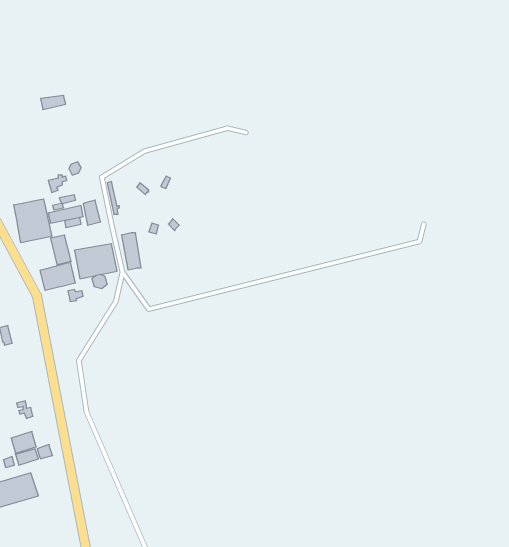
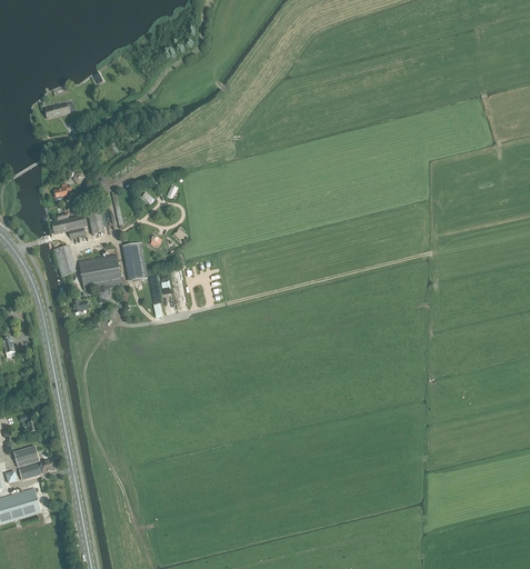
building: [14,199,52,243] -> none
building: [40,262,75,290] -> none

